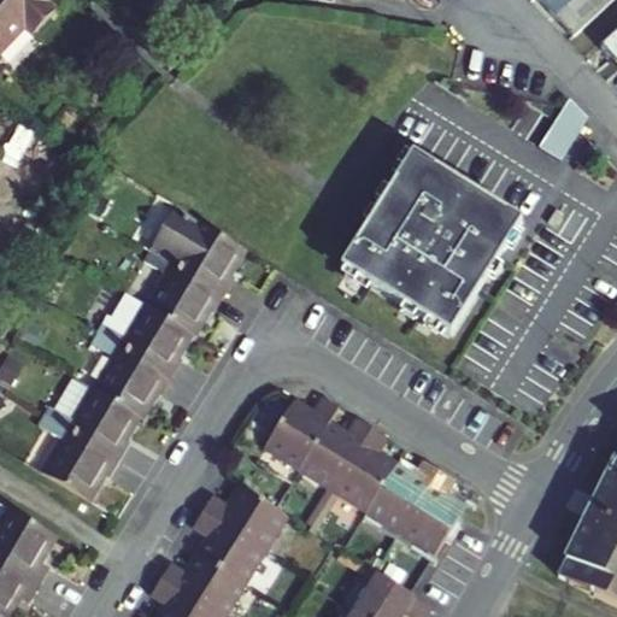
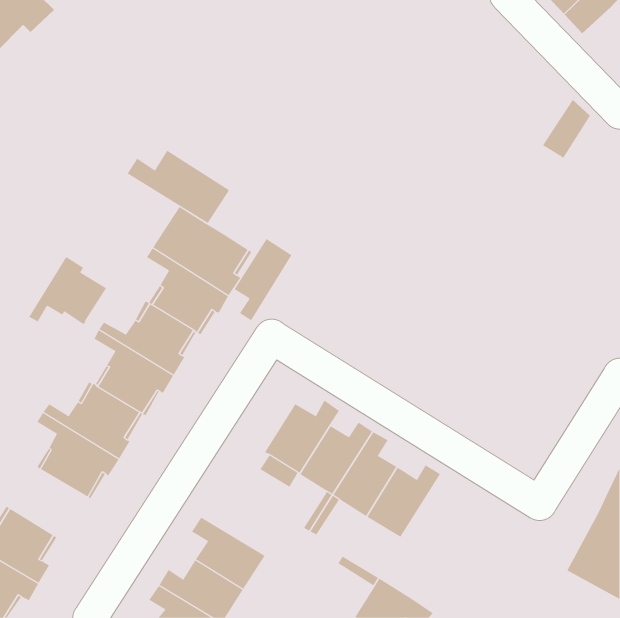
building: none -> [127,150,230,224]
building: [339,151,519,333] -> none
building: none -> [234,238,292,321]
building: none -> [29,256,107,325]
building: [396,469,462,553] -> none
building: [199,486,284,550] -> none

